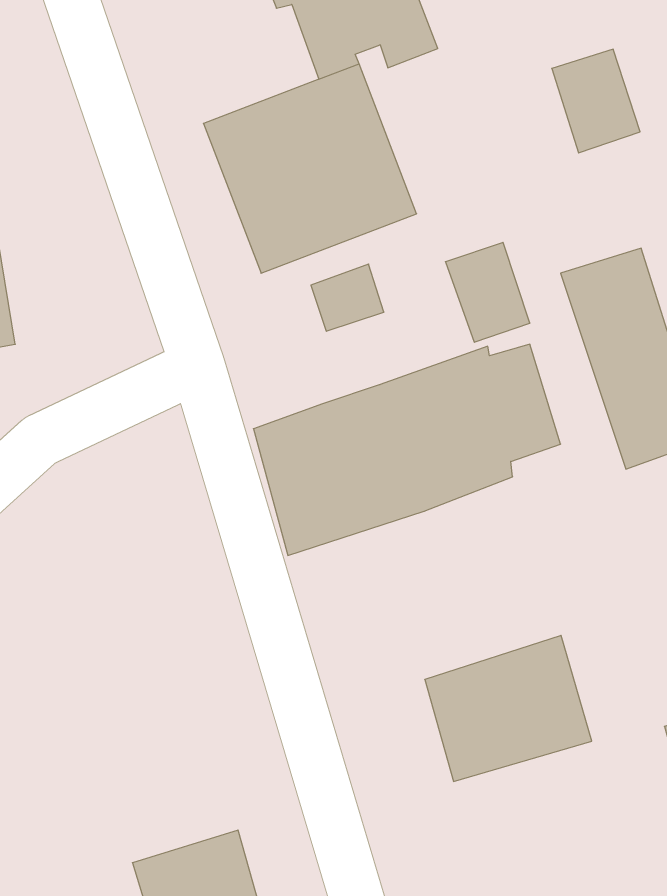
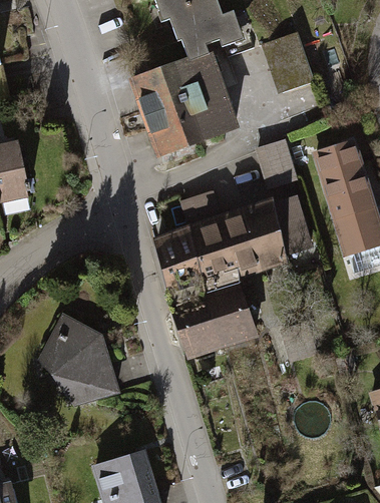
building: [552,49,640,153] -> [265,40,311,94]
building: [311,264,384,331] -> [181,190,220,225]
building: none -> [34,311,115,405]
building: [425,635,592,781] -> [171,282,259,358]

